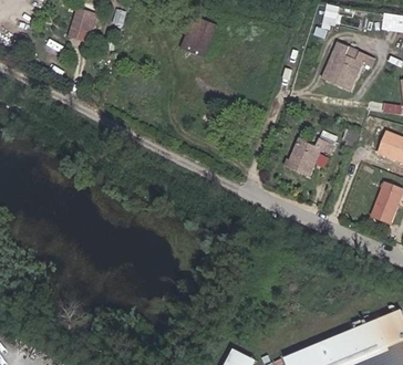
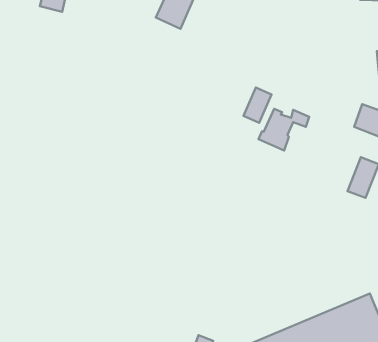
building: [326,38,373,90] -> none
building: none -> [244,87,271,123]

